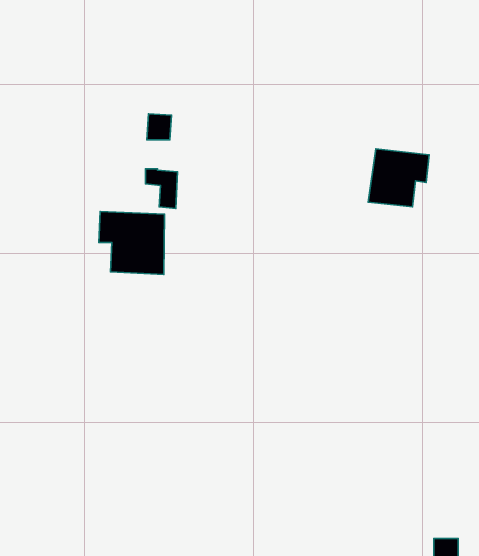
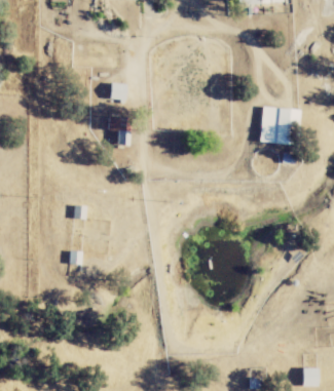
building: [99,212,164,274] -> none

